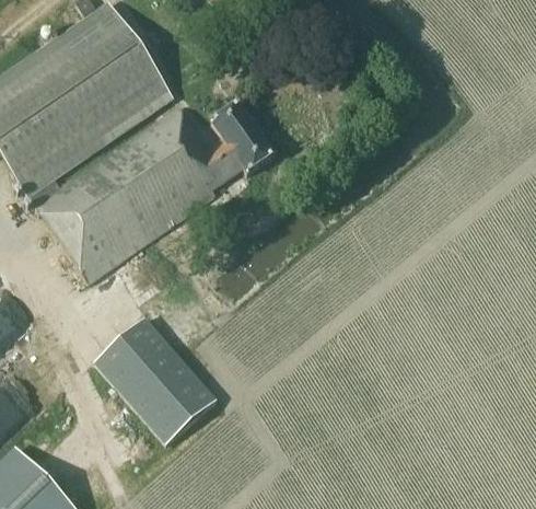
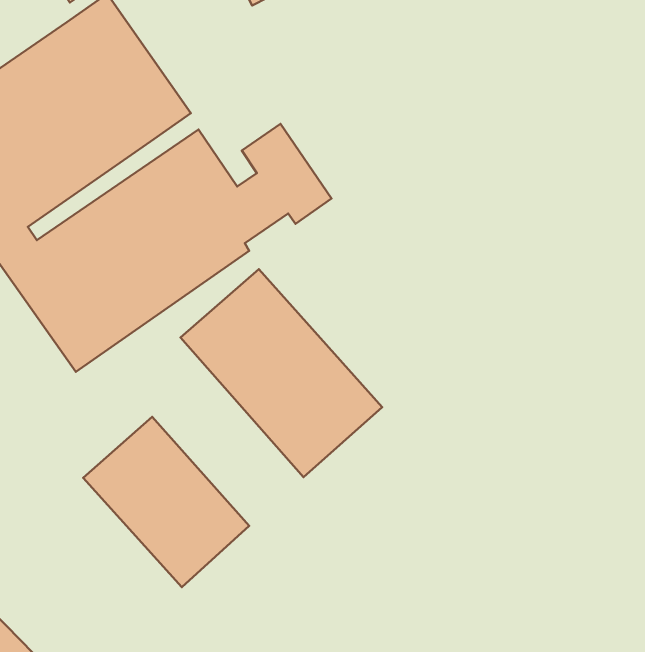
building: none -> [180,269,382,477]

